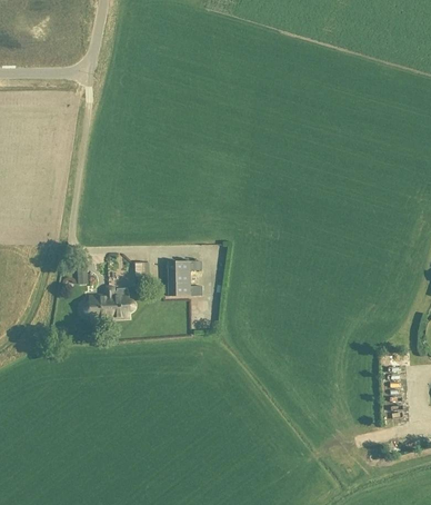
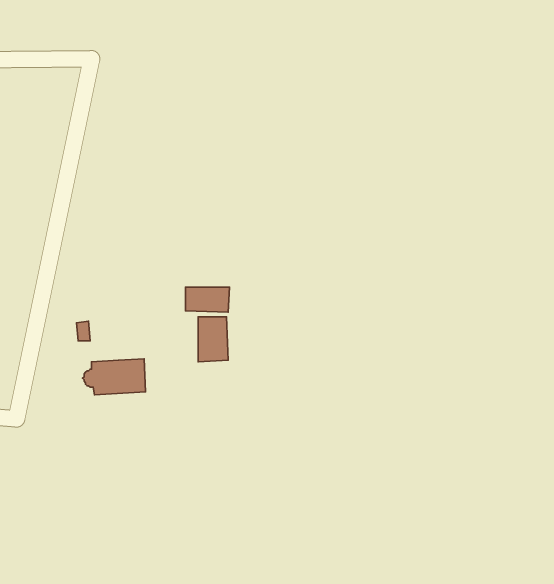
building: none -> [186,287,230,312]

